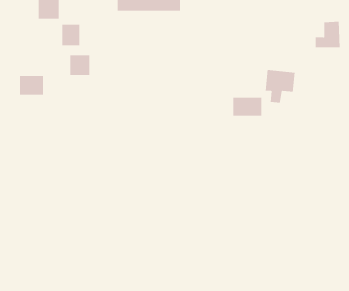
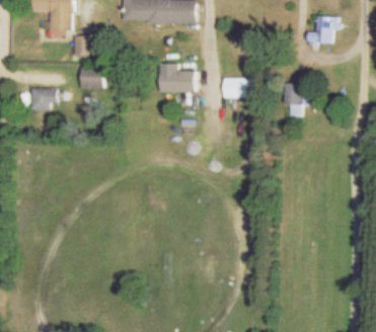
building: [315,21,340,48] -> [306,15,332,43]
building: none -> [160,70,194,91]
building: [233,97,262,116] -> [221,78,251,97]

